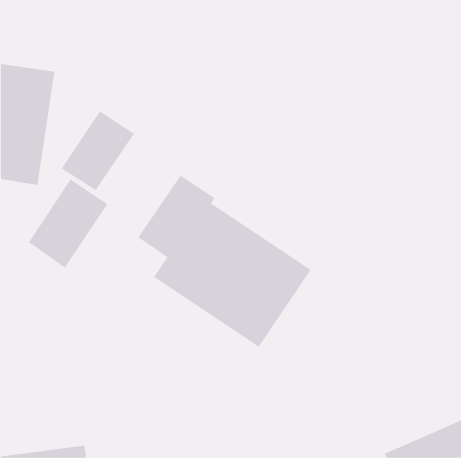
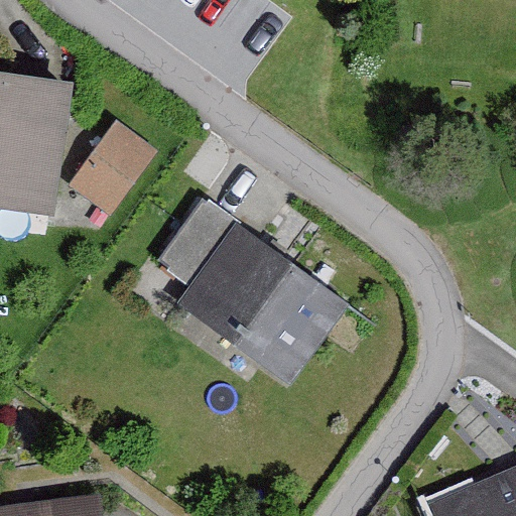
building: [28,178,108,269] -> none

